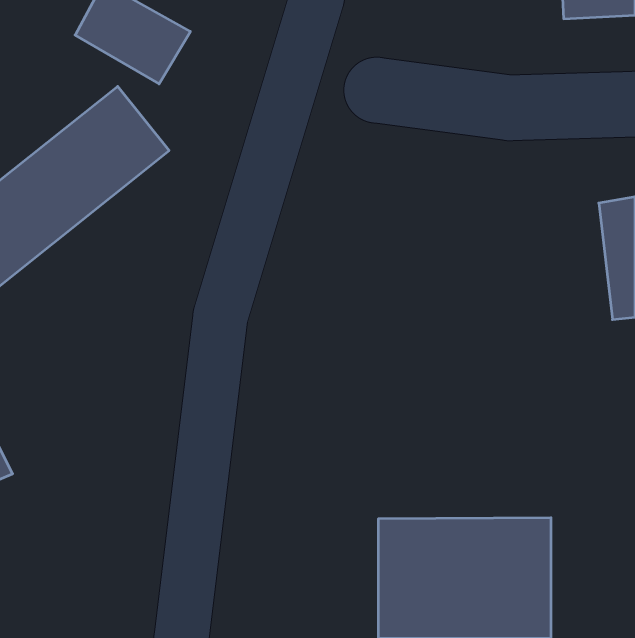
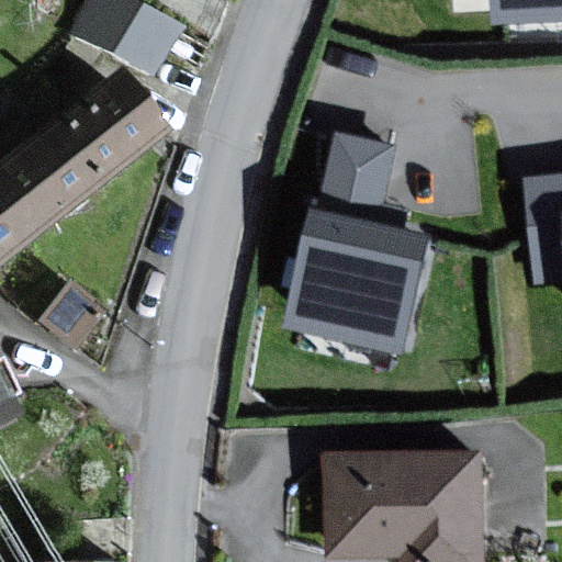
building: none -> [284,132,424,347]

